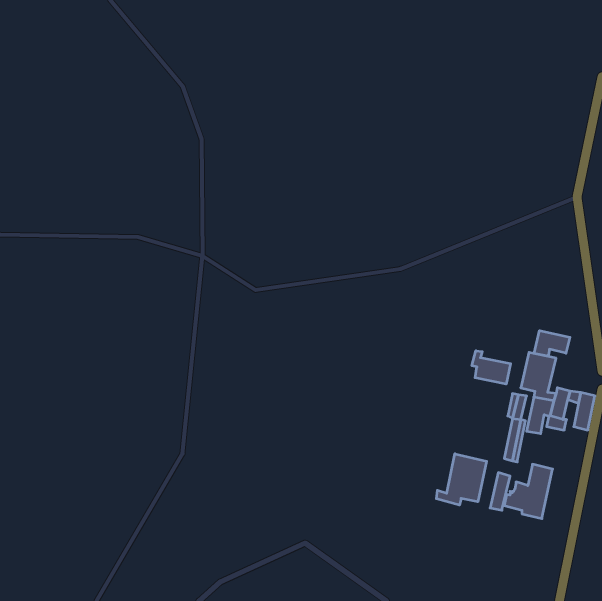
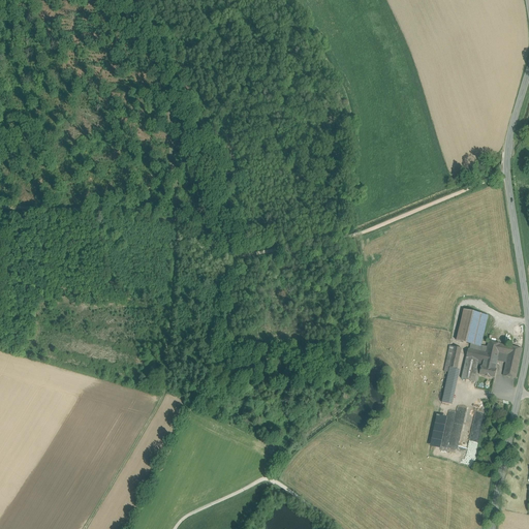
building: [534,331,570,356] -> none
building: [472,351,511,384] -> none
building: [436,454,487,505] -> none

